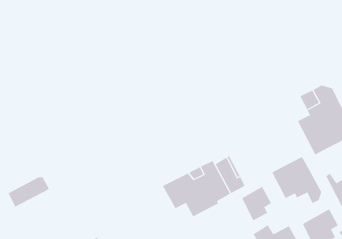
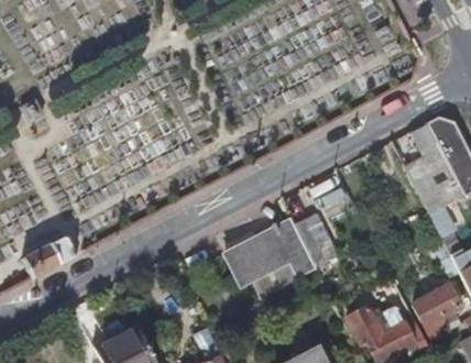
building: [272,156,322,204] -> none
building: [241,186,272,221] -> none

